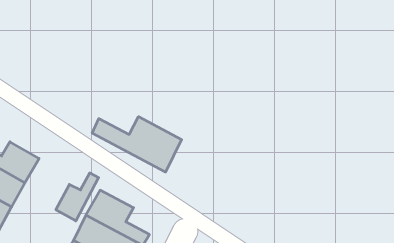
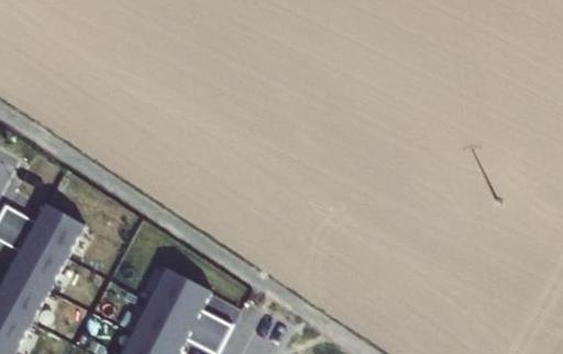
building: [92,117,182,172] -> none
building: [56,173,99,221] -> none

